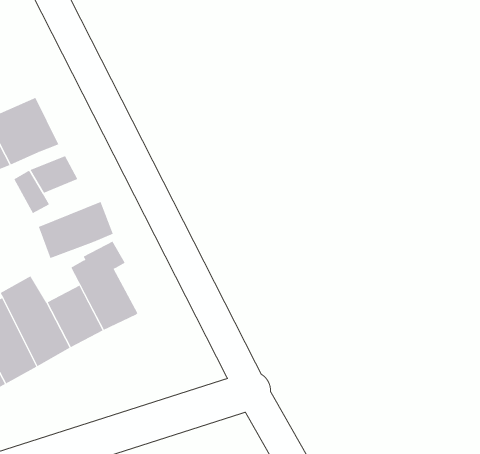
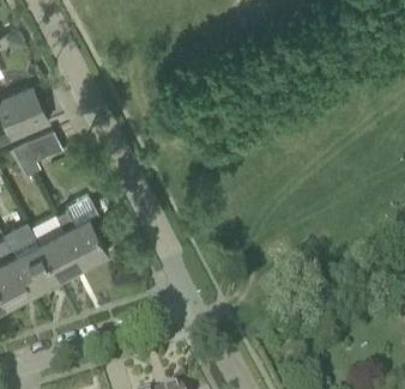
building: [38,201,114,259] -> none

